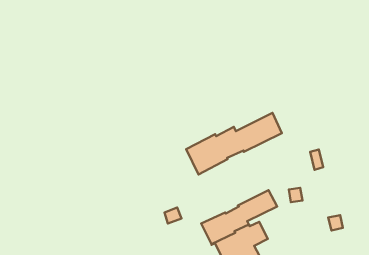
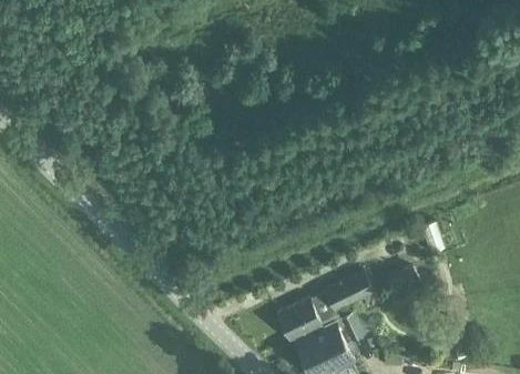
building: [186,113,282,174] -> none

